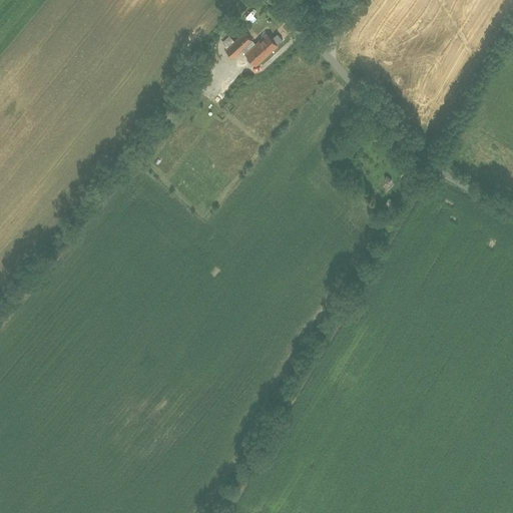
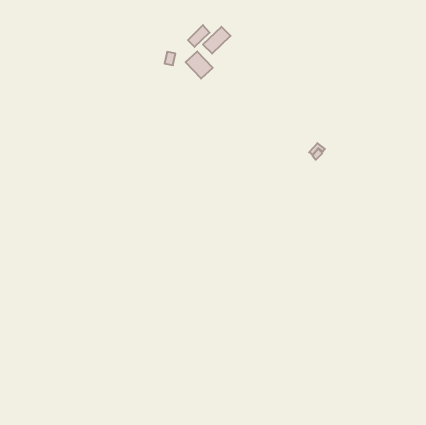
building: none -> [186,51,213,79]

